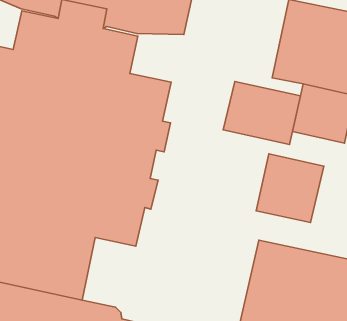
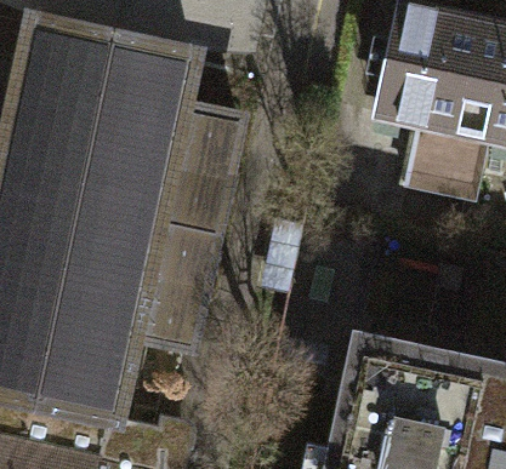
building: [223,81,300,145] -> none
building: [256,154,324,223] -> none

